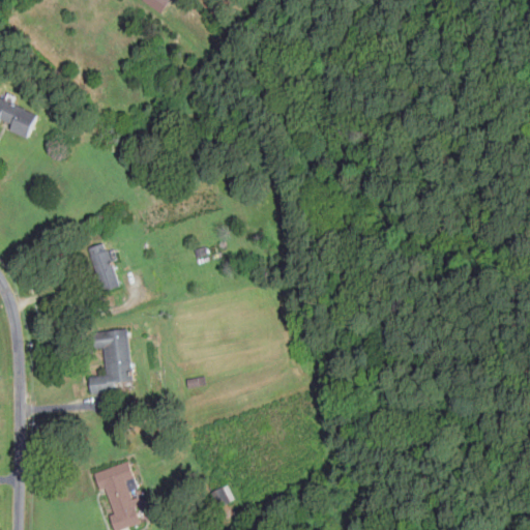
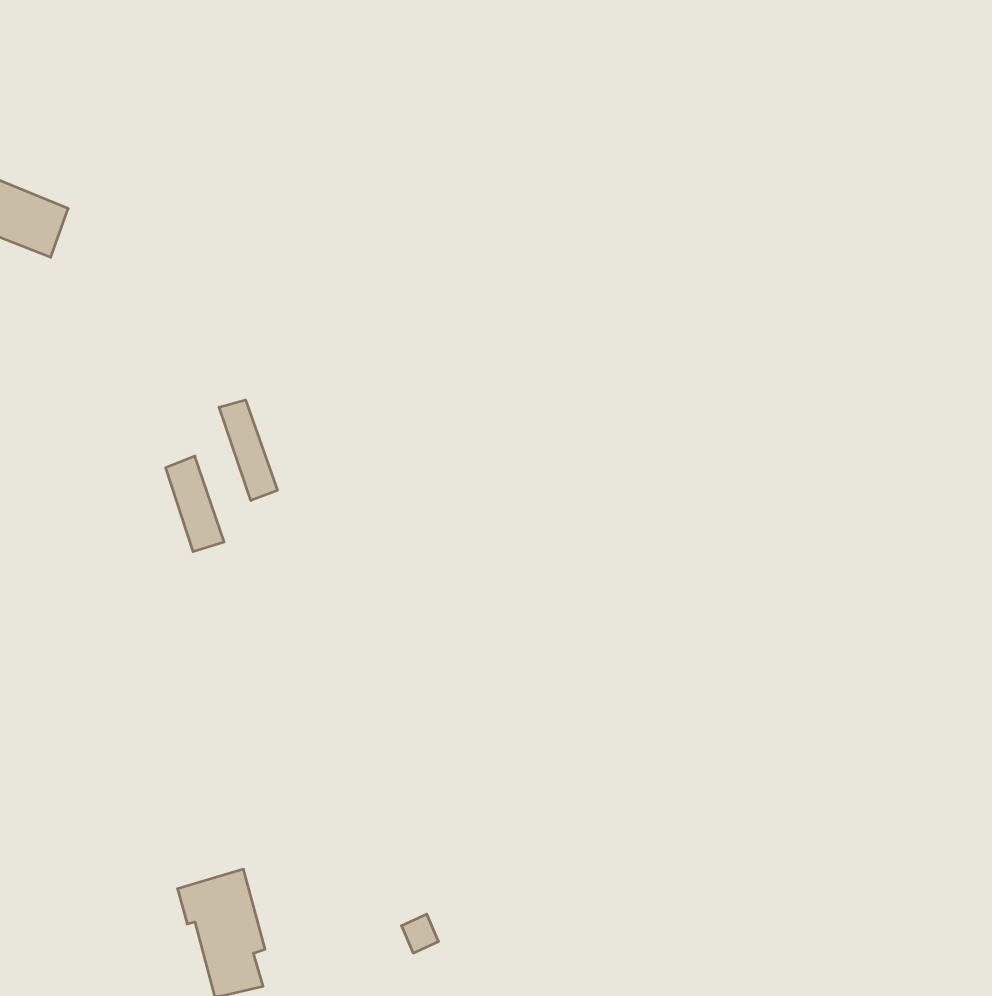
building: none -> [219,400,277,501]
building: [89,329,131,393] -> none

